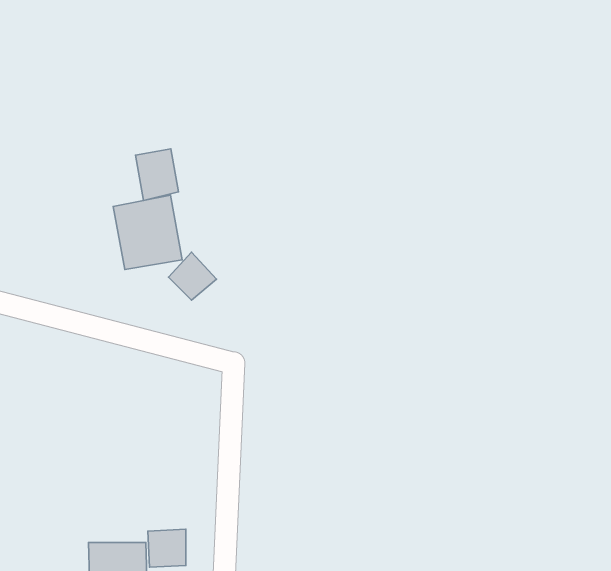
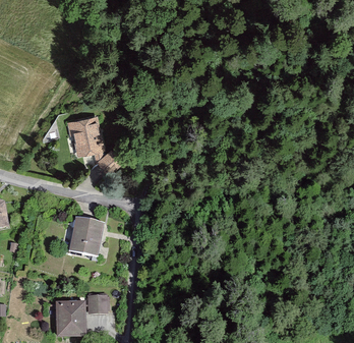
building: [135,149,178,200] -> none
building: none -> [72,218,105,255]

